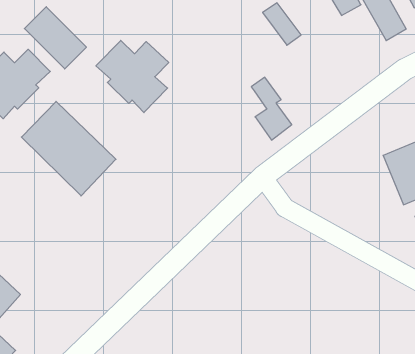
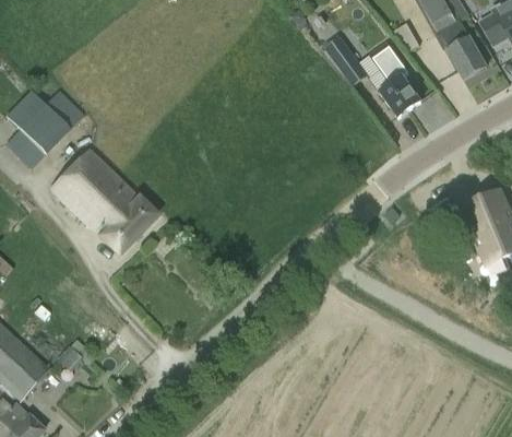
building: [24,7,86,69] -> none
building: [96,40,169,113] -> none
building: [251,77,292,140] -> [373,47,419,118]

